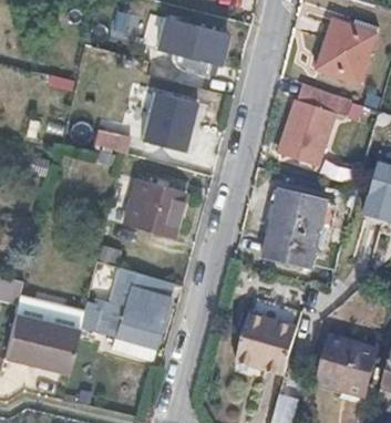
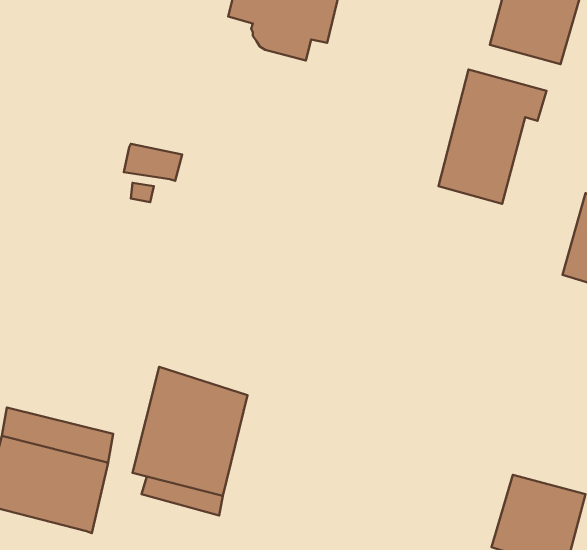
building: [137,91,194,152] -> none
building: [119,176,186,236] -> none
building: [259,184,326,265] -> none
building: [235,311,297,373] -> none

